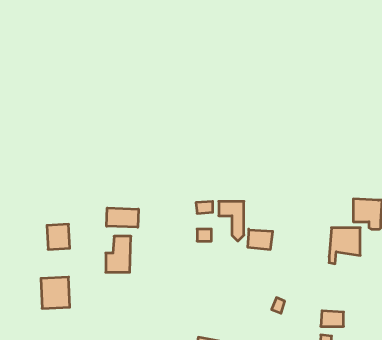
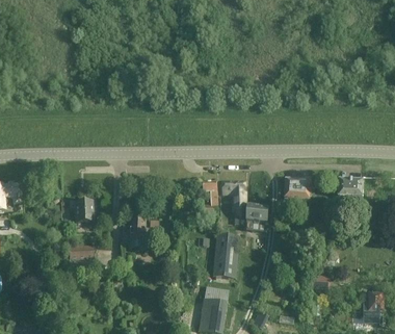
building: [107,208,138,227] -> none
building: [329,228,360,264] -> [283,177,310,208]
building: none -> [212,233,239,277]

